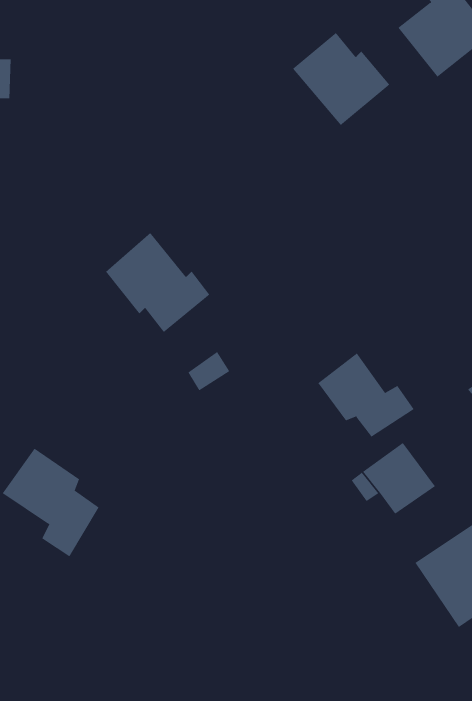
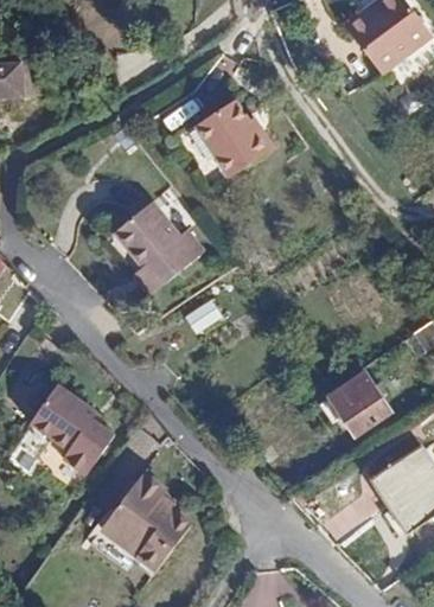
building: [292,32,390,126] -> [192,94,274,172]
building: [317,352,414,437] -> none
building: none -> [96,469,189,570]

